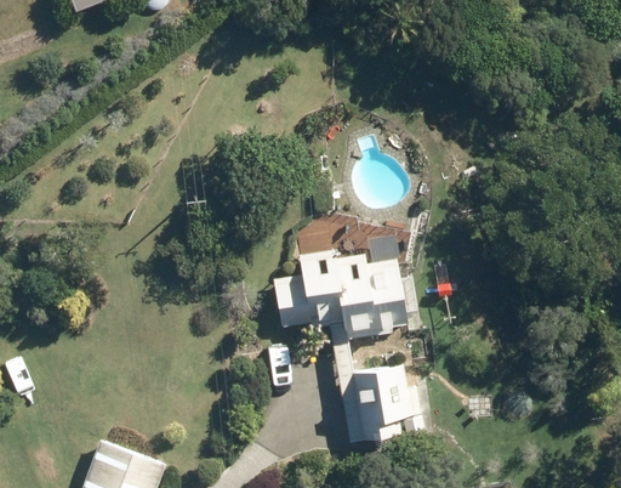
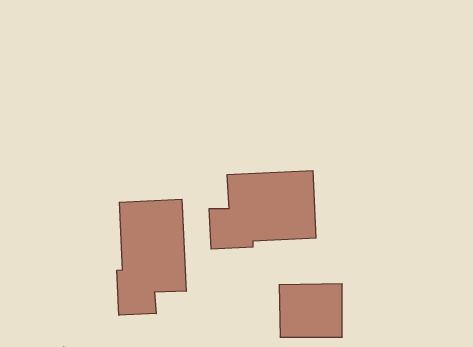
building: none -> [117,199,186,315]

